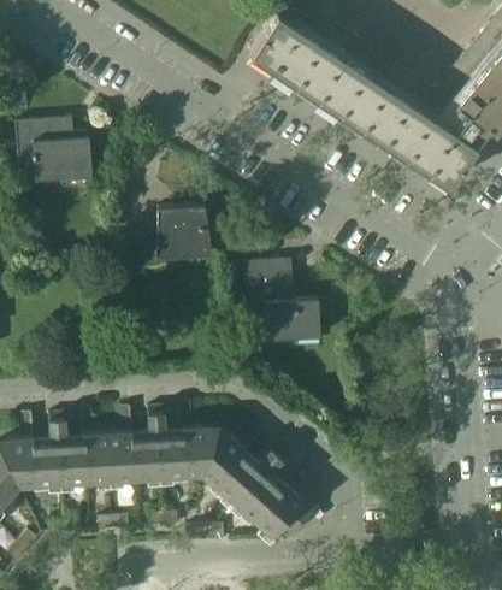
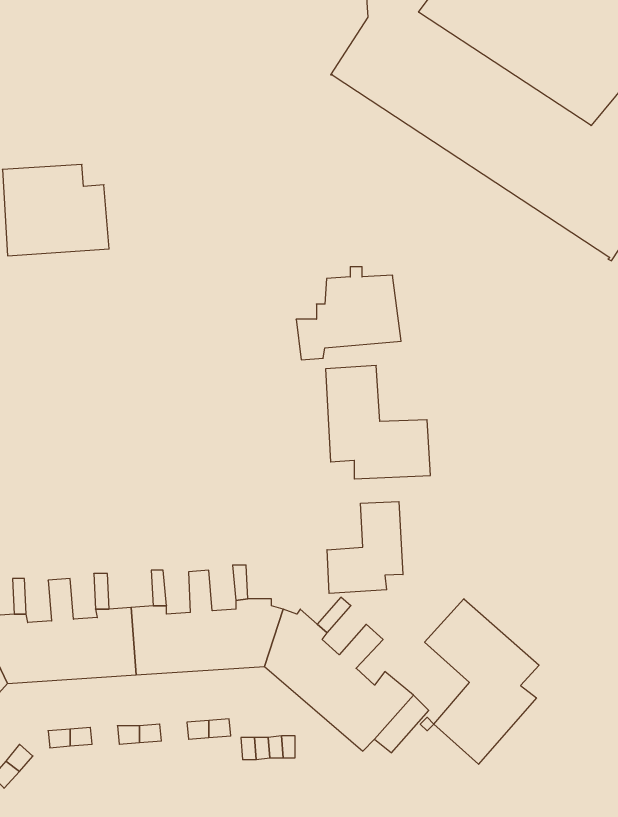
building: [138,205,213,271] -> [296,267,401,360]
building: none -> [327,502,403,593]
building: none -> [425,599,539,764]

